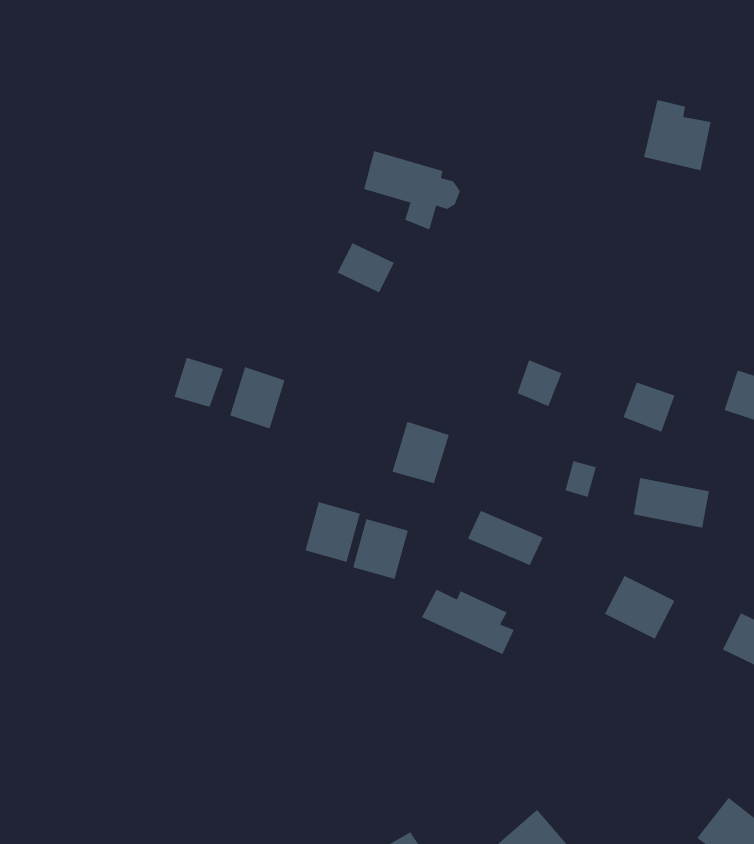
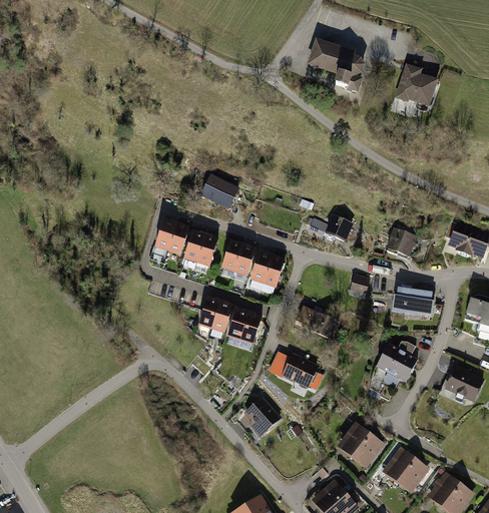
building: [363,150,461,230] -> [308,38,365,85]
building: [337,242,395,293] -> [203,177,237,207]
building: [173,357,224,408] -> none
building: none -> [182,231,216,270]
building: none -> [220,241,255,279]
building: none -> [239,397,280,438]
building: none -> [337,423,385,470]
building: none -> [384,449,430,493]

